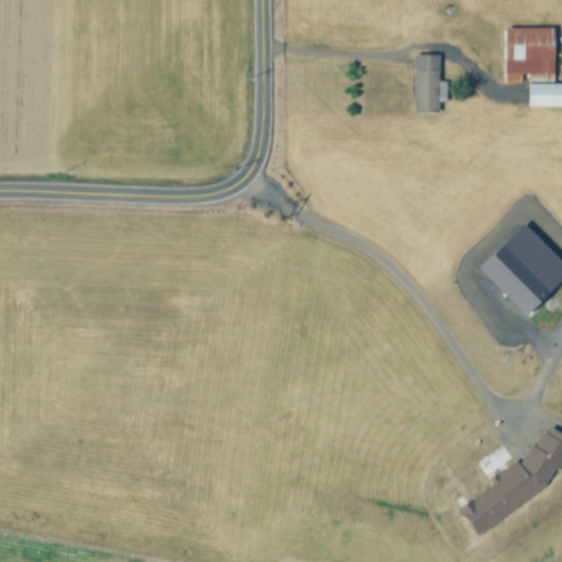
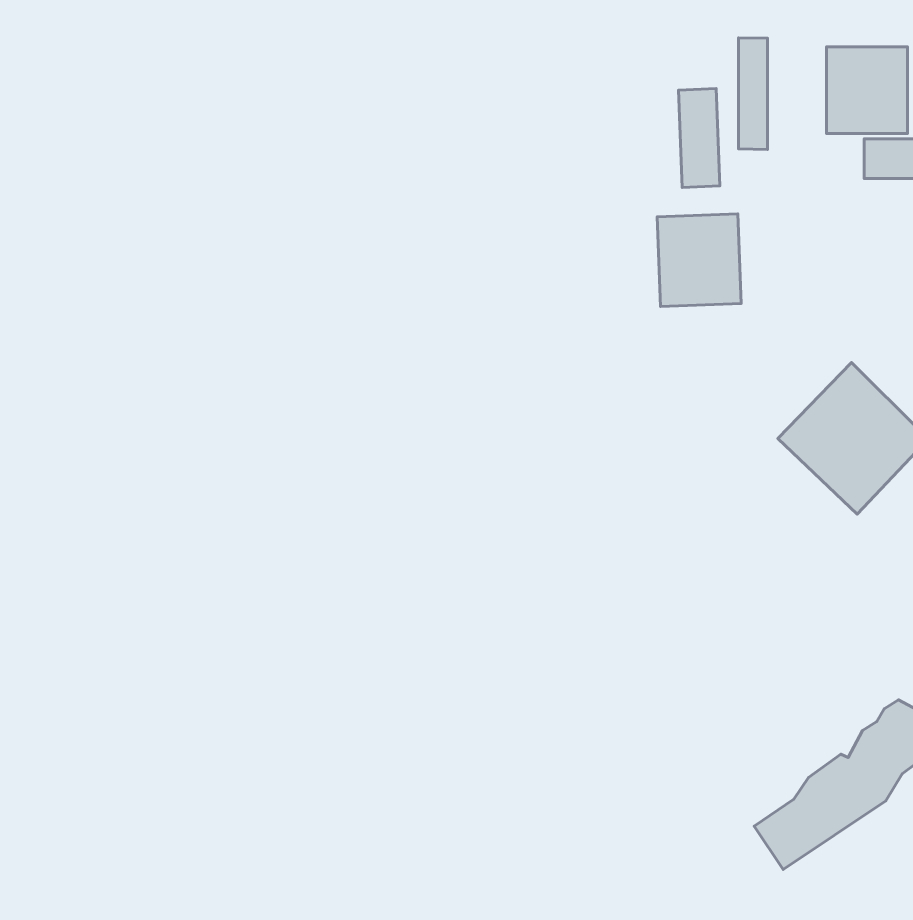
building: none -> [738,38,767,149]
building: none -> [657,214,741,306]

